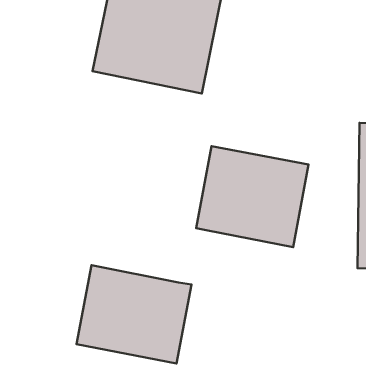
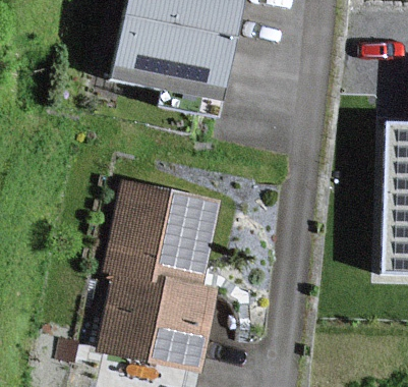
building: [196,146,308,247] -> [104,184,217,286]

